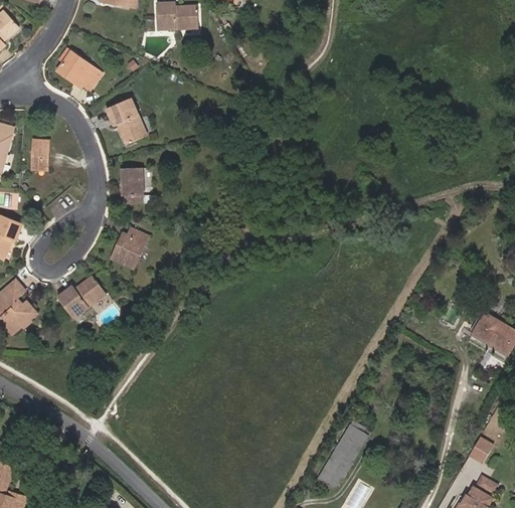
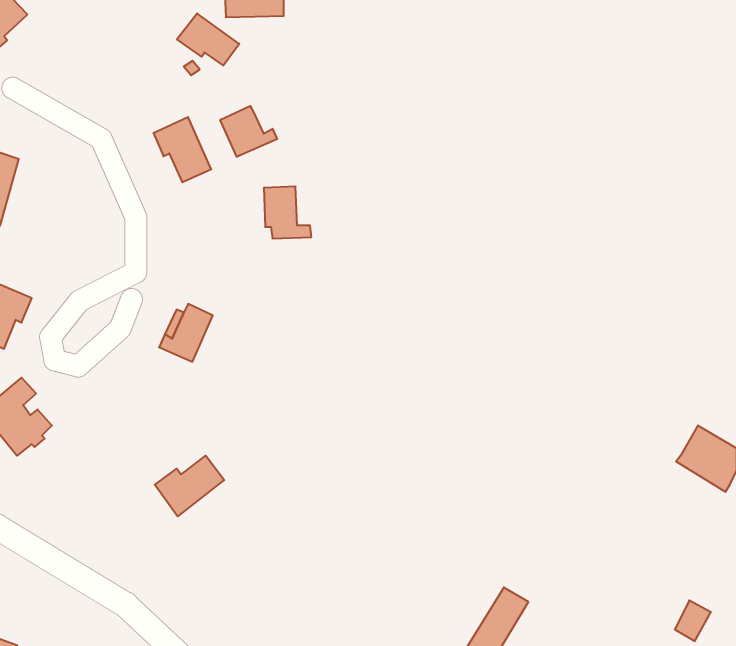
building: [57,52,101,89] -> [177,13,239,65]
building: none -> [220,106,277,157]
building: [31,141,49,169] -> none
building: [120,168,153,204] -> [264,186,311,238]
building: [57,277,106,319] -> [155,456,224,516]

